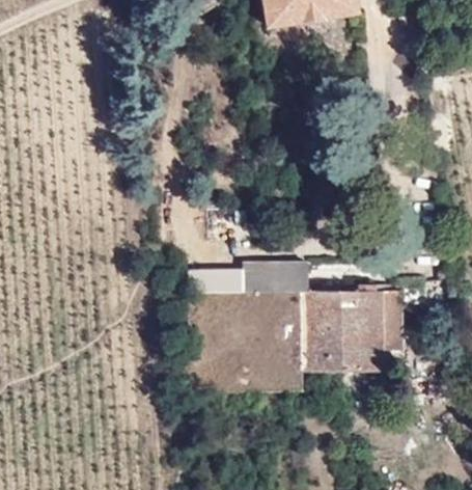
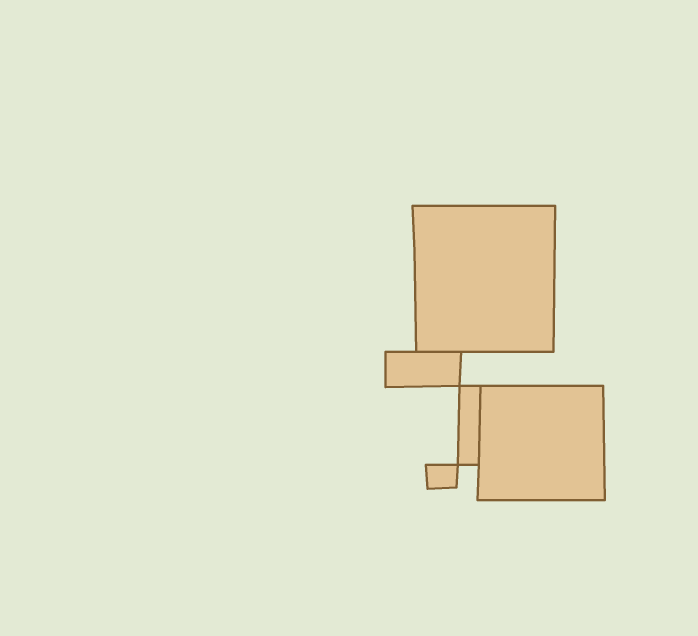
building: none -> [413,206,555,352]

